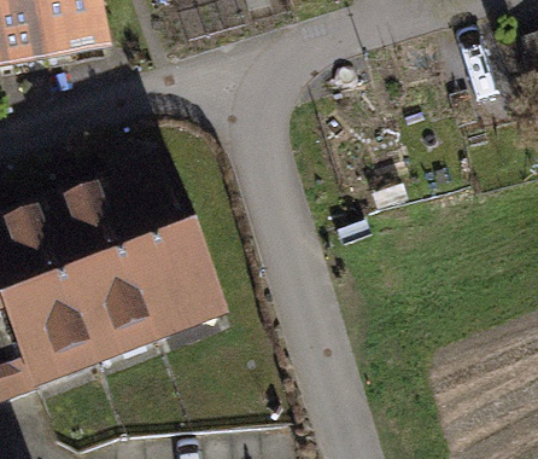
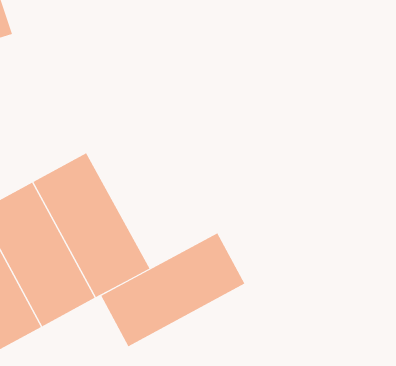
building: none -> [101,232,245,347]

